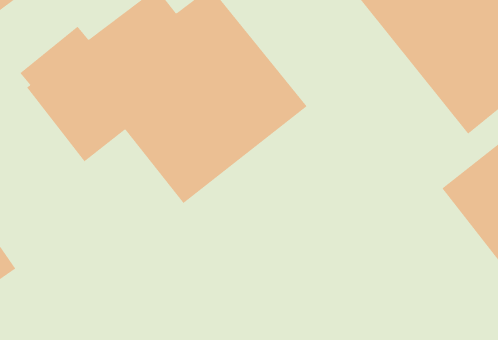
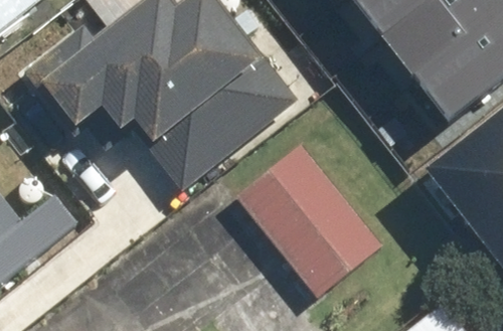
building: none -> [237,145,383,295]

